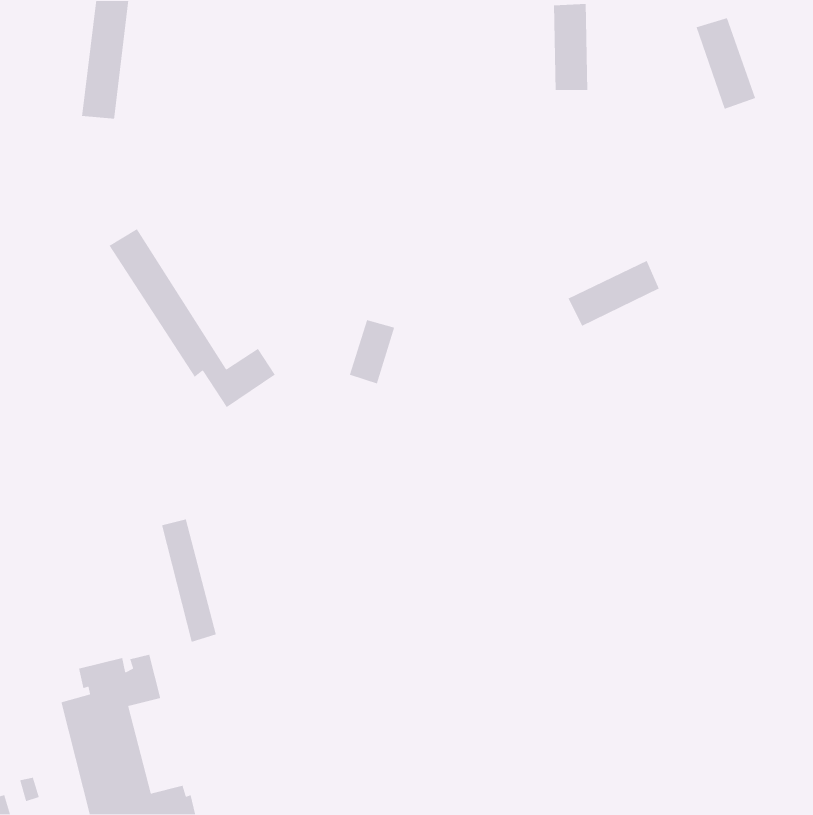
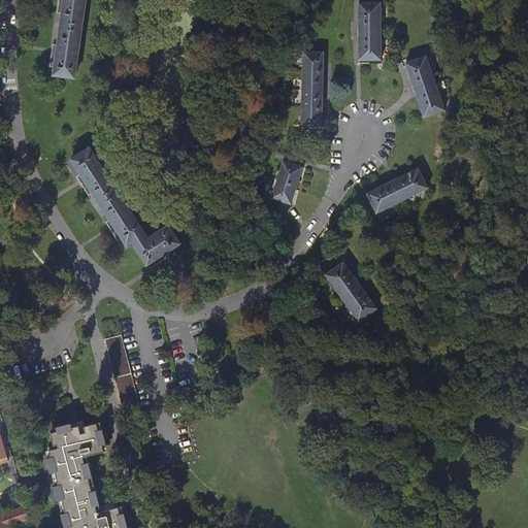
building: [696,17,756,110] -> [405,56,444,116]
building: none -> [302,51,323,127]
building: [349,319,395,385] -> [271,161,301,203]
building: none -> [326,262,375,320]

